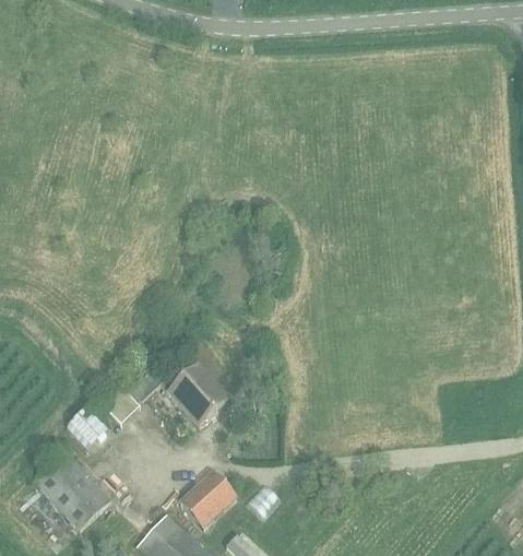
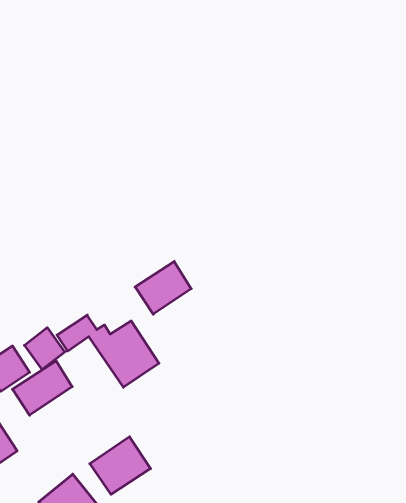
building: none -> [135,261,191,314]
building: none -> [12,361,72,415]

